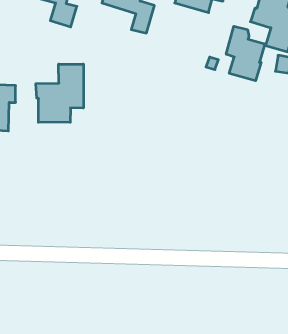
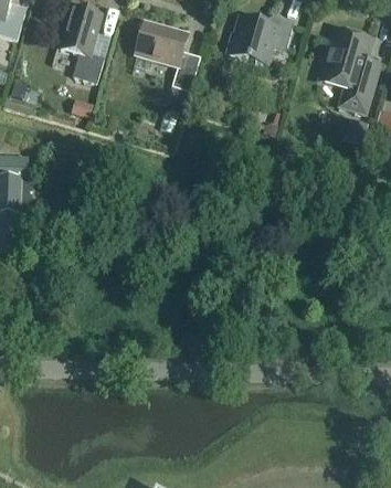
building: [226,26,265,81] -> none
building: [36,64,83,122] -> none

